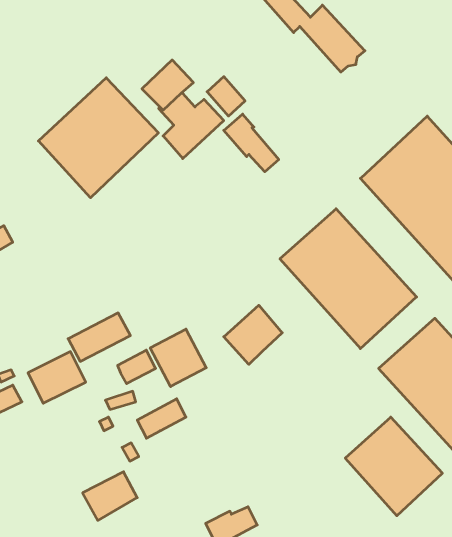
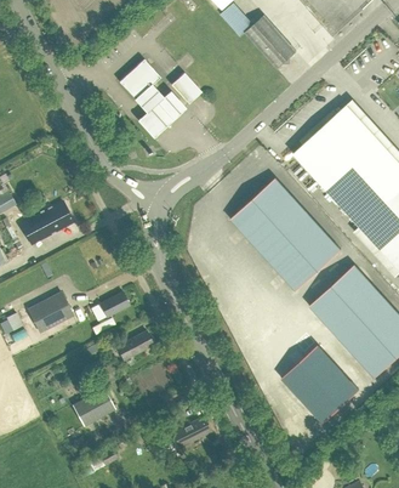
building: [38,78,158,198] -> none
building: [224,114,279,172] -> none
building: [224,305,282,364] -> none
building: [68,313,130,361] -> [24,202,74,240]
building: [150,329,206,387] -> none

